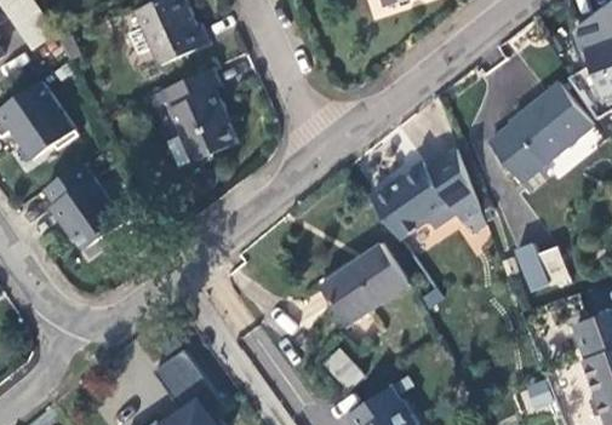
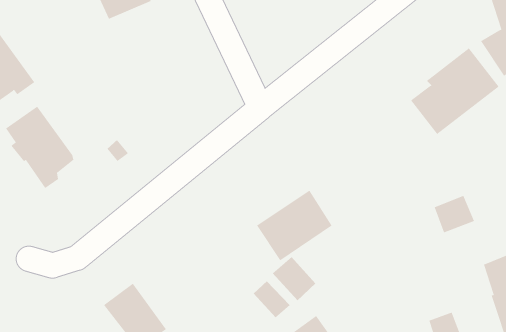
building: [158,58,231,154] -> none
building: [376,153,481,242] -> none
building: none -> [272,256,316,301]

